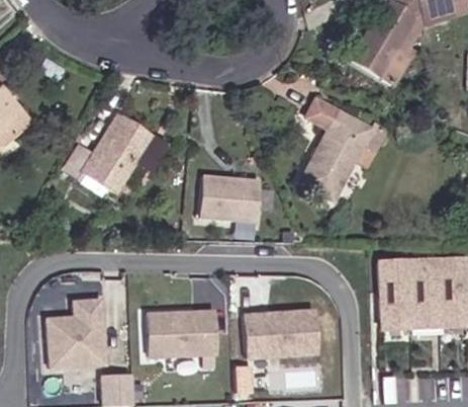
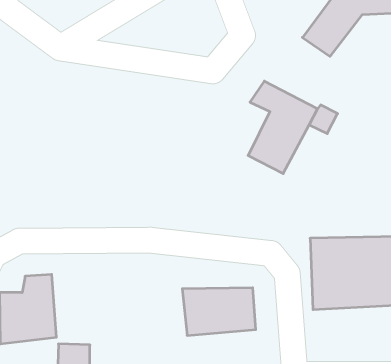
building: [70,116,153,187] -> none
building: [193,173,256,222] -> none
building: [138,310,212,361] -> none

